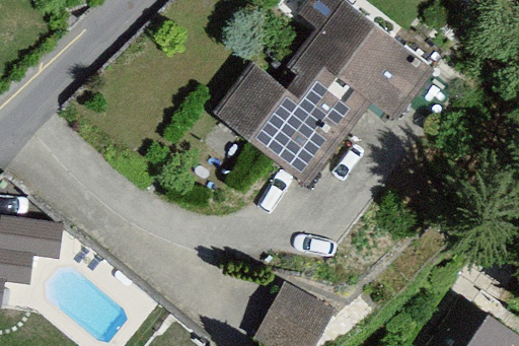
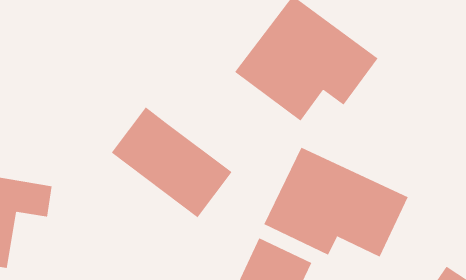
building: [207,72,339,193] -> [111,107,233,218]
building: none -> [264,147,408,257]

